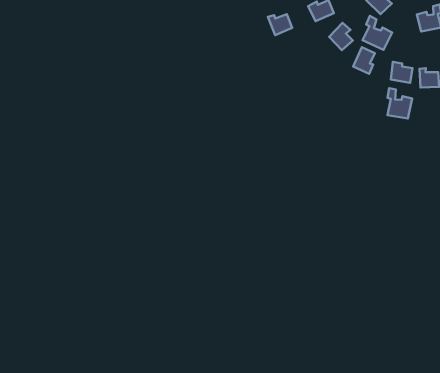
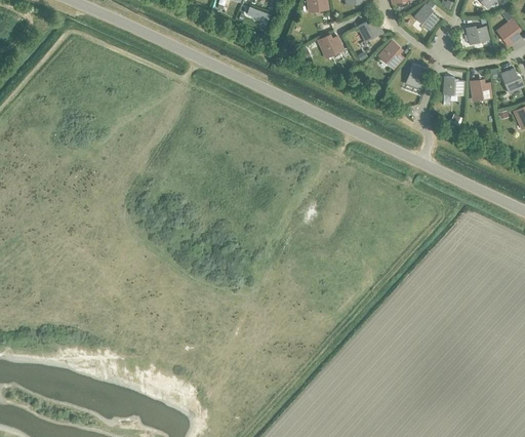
building: [363,16,392,50] -> none
building: [387,88,412,119] -> none

